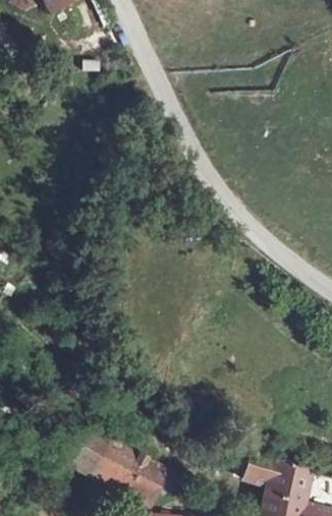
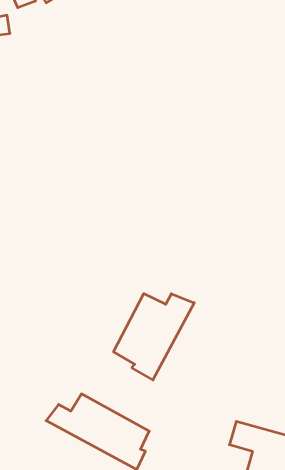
building: none -> [114,294,194,380]

